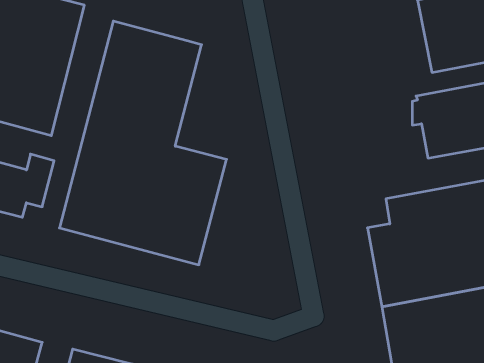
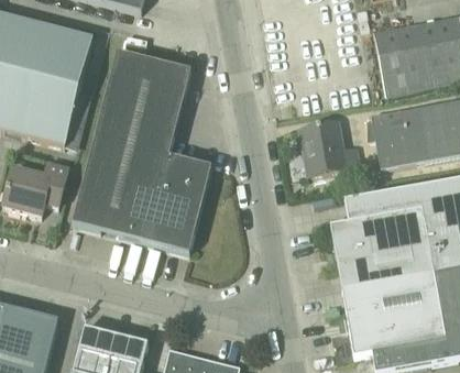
building: none -> [298,121,359,174]

